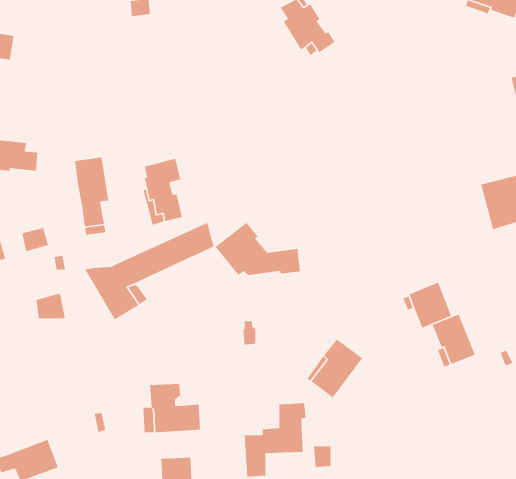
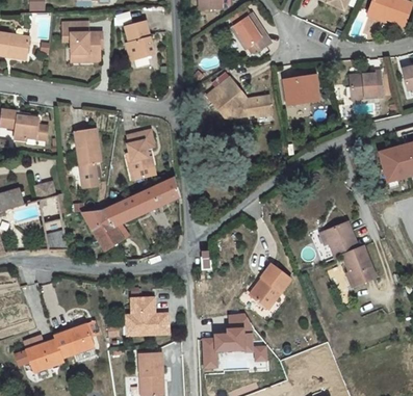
building: none -> [125,21,154,59]
building: none -> [62,22,103,58]
building: none -> [350,71,383,99]
building: none -> [285,77,316,103]
building: [215,222,301,276] -> [207,76,272,116]
building: none -> [54,323,94,358]

